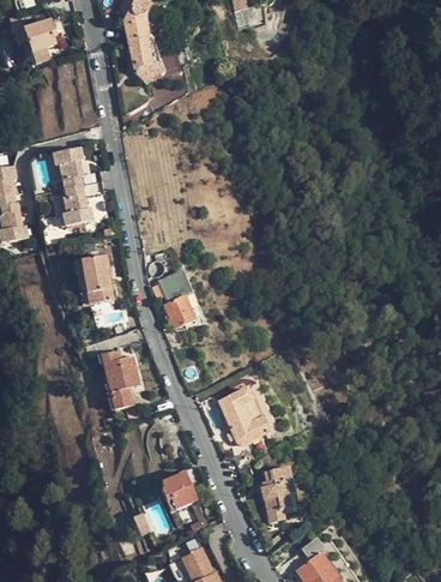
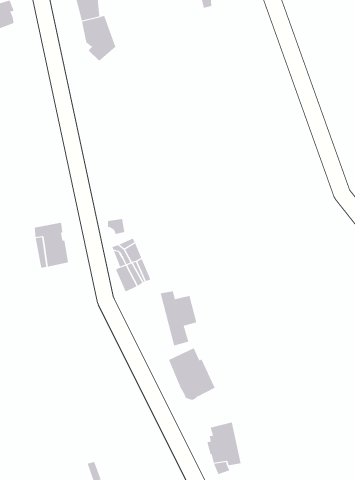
building: [55,148,93,224] -> none
building: [101,350,140,409] -> [160,291,197,346]
building: [161,470,198,509] -> none

